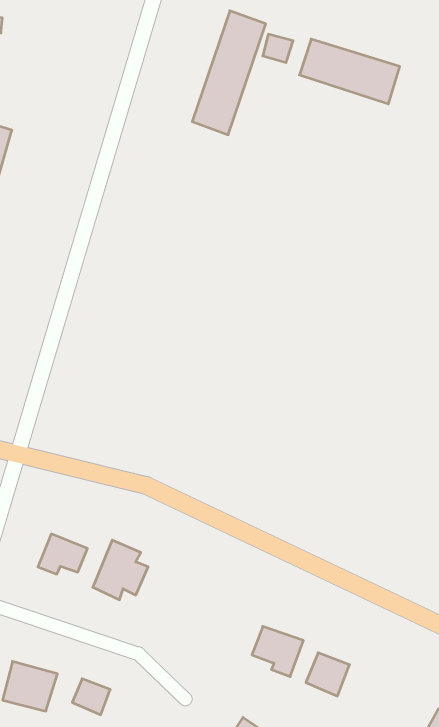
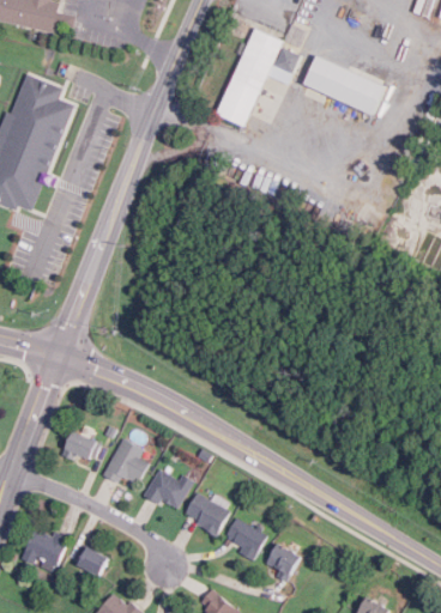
building: none -> [143,468,193,512]
building: none -> [182,491,229,534]

